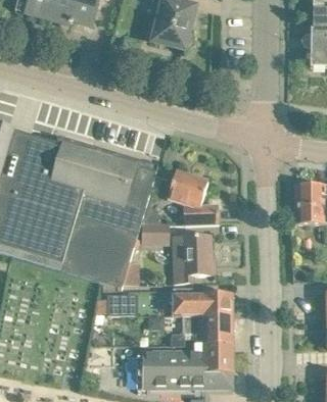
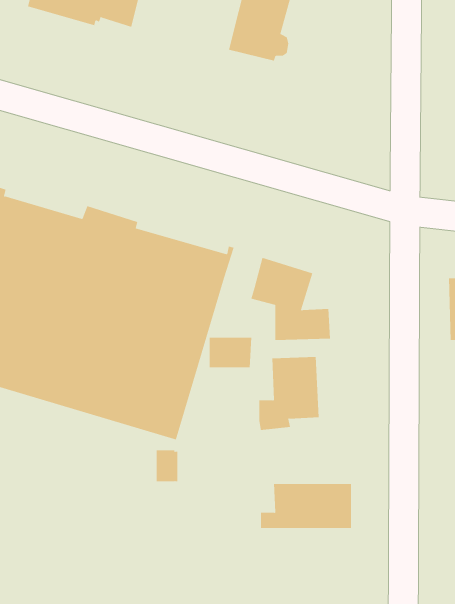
building: [173,293,232,315] -> none
building: [142,343,233,387] -> none

